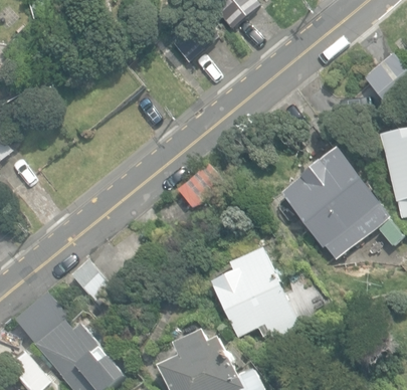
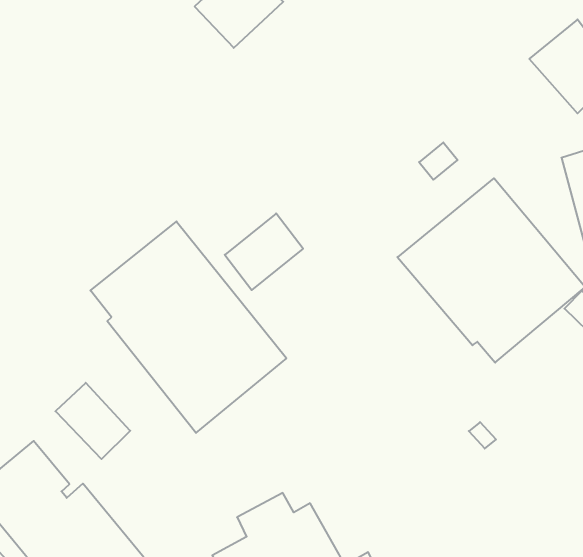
building: none -> [90,221,286,433]
building: [211,247,297,338] -> none

